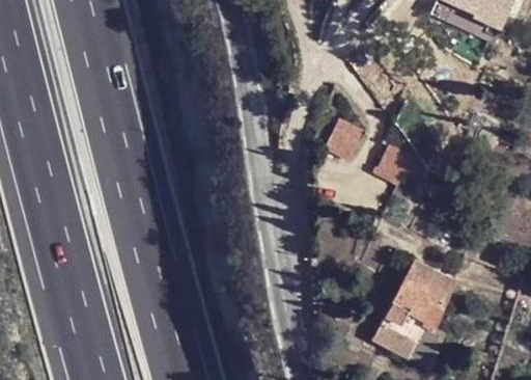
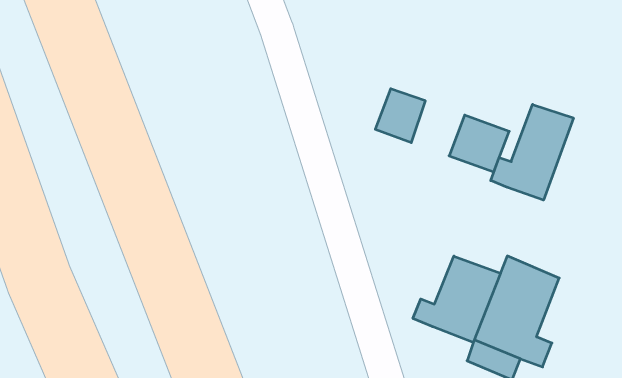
building: none -> [491,104,573,200]
building: none -> [413,256,501,342]

